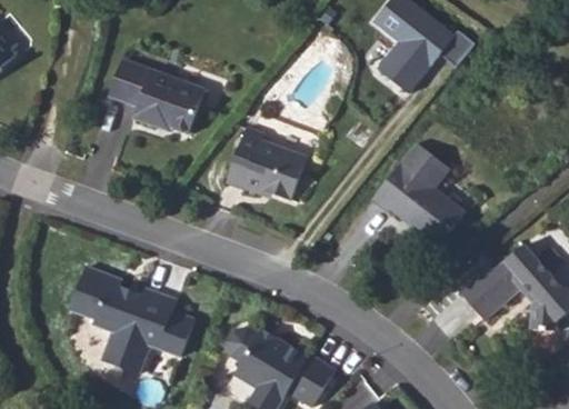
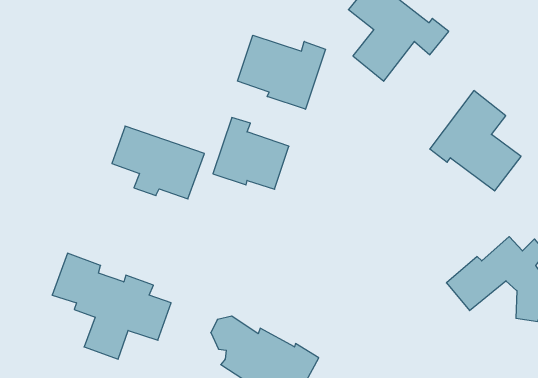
building: none -> [238,35,325,109]
building: [111,59,204,132] -> [112,126,204,199]
building: [367,140,459,241] -> [430,91,521,191]

